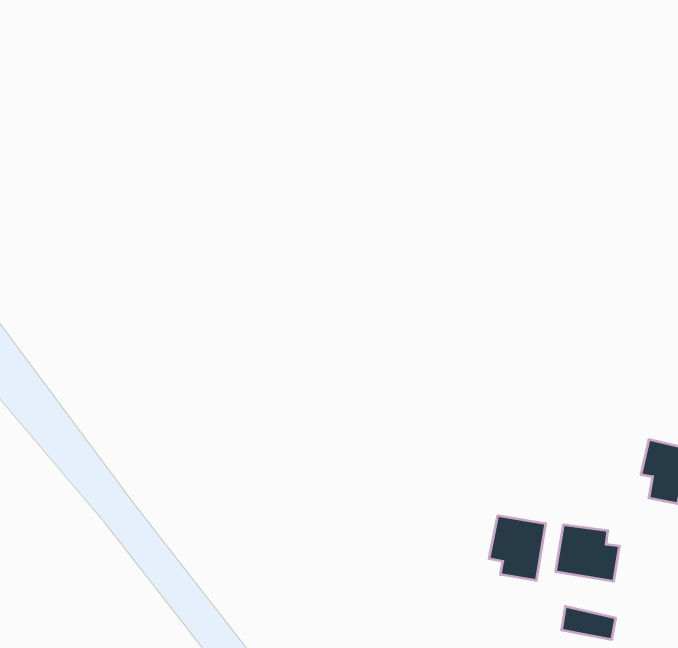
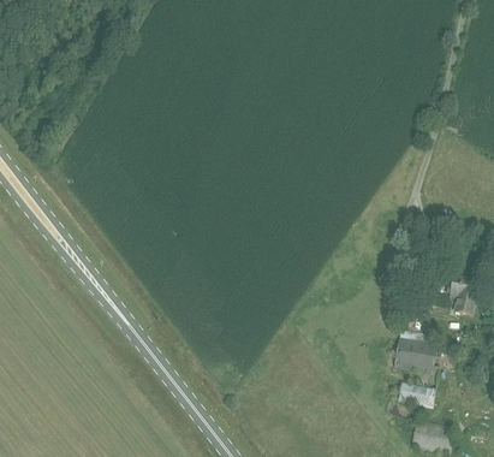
building: [489,516,546,581] -> none

